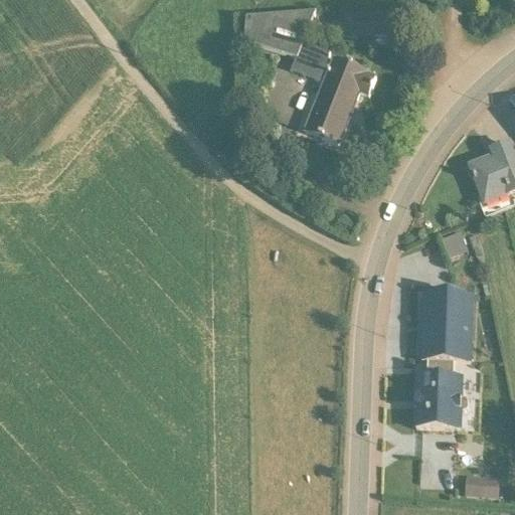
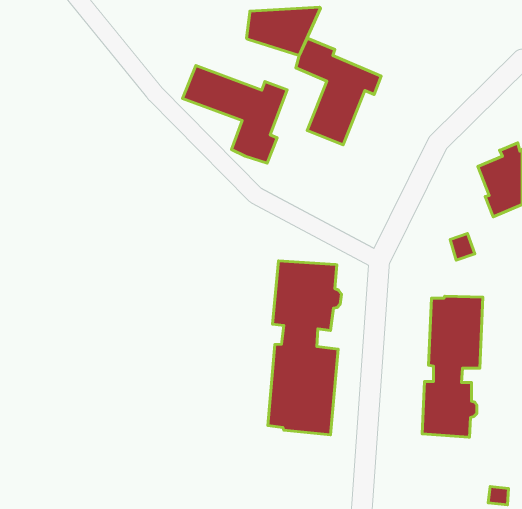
building: none -> [182,65,287,163]
building: none -> [268,261,342,435]

